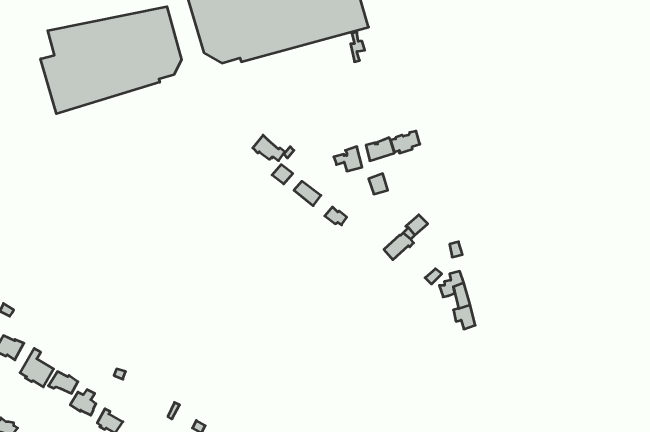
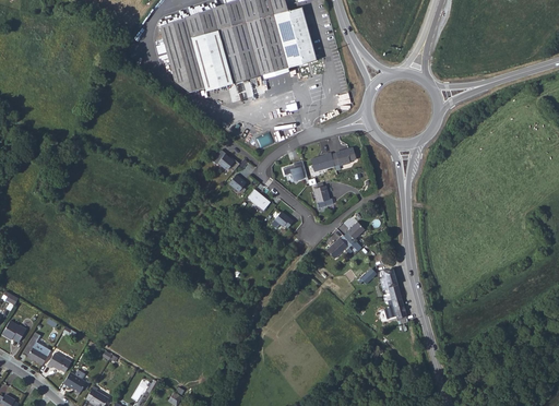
building: [41,7,182,114] -> none

